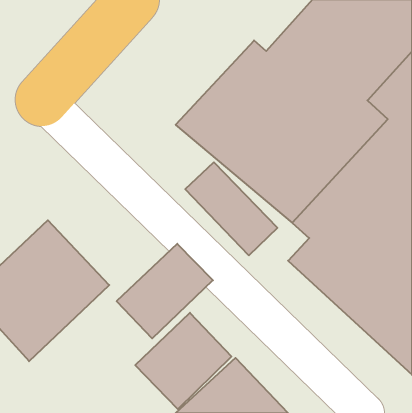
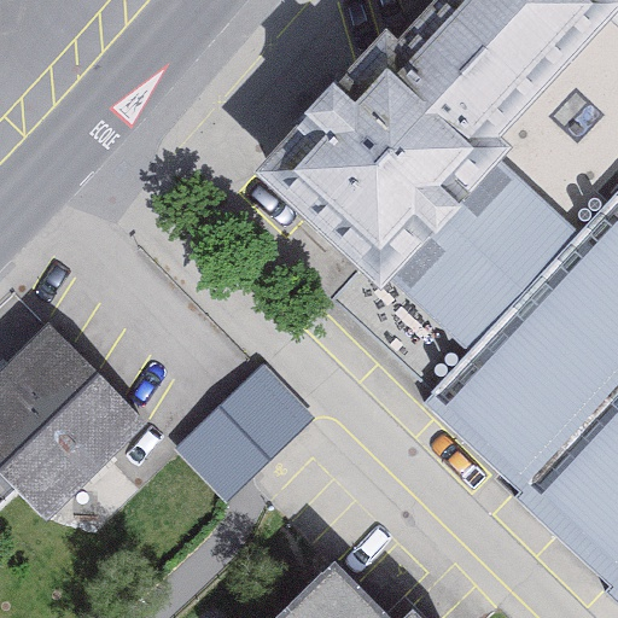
building: [185,162,277,255] -> none
building: [135,313,231,409] -> none

